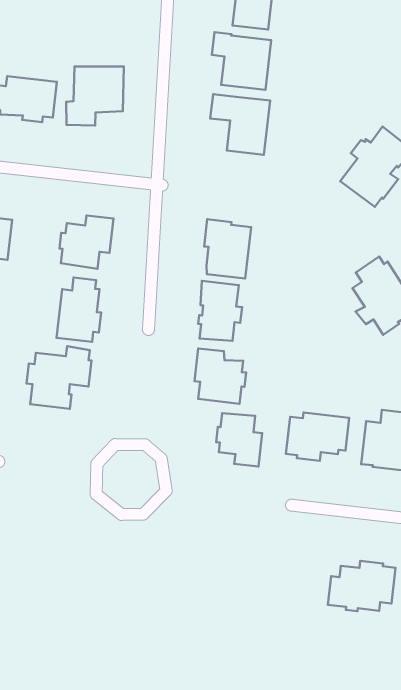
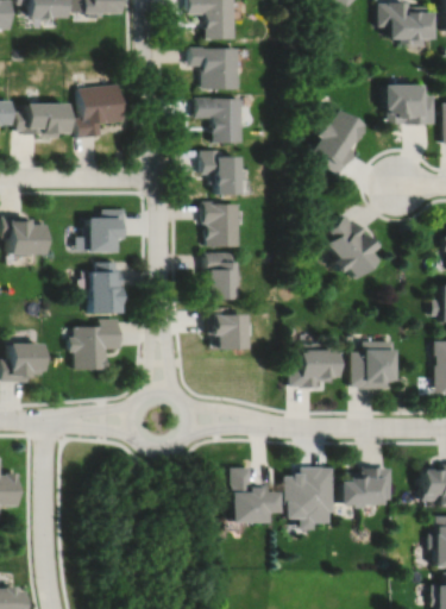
building: none -> [202,150,241,194]
building: [216,413,262,467] -> none
building: none -> [228,469,277,525]
building: none -> [283,469,332,532]

